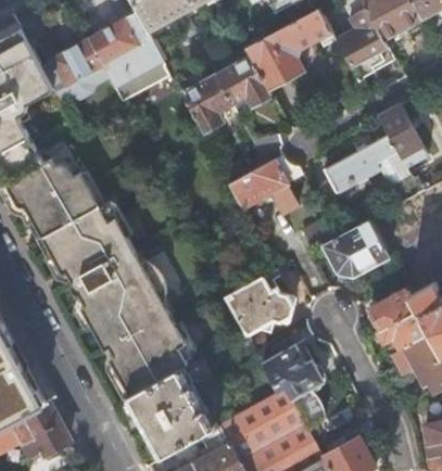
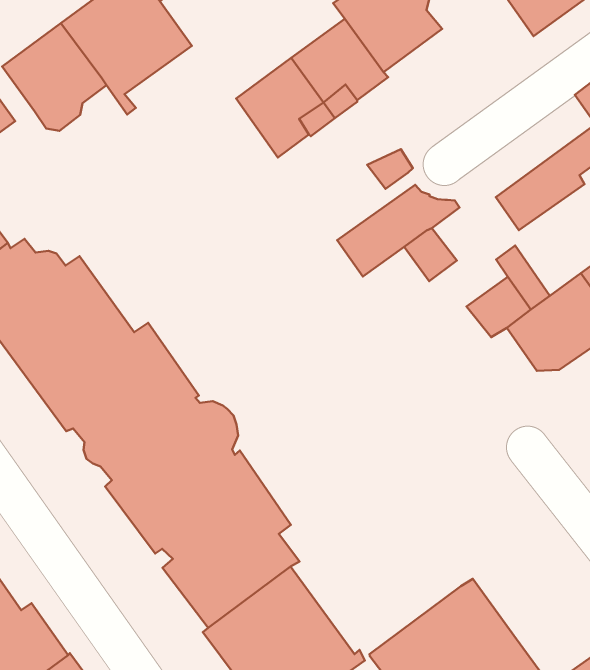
building: [226,276,293,333] -> none
building: [262,344,326,425] -> none

